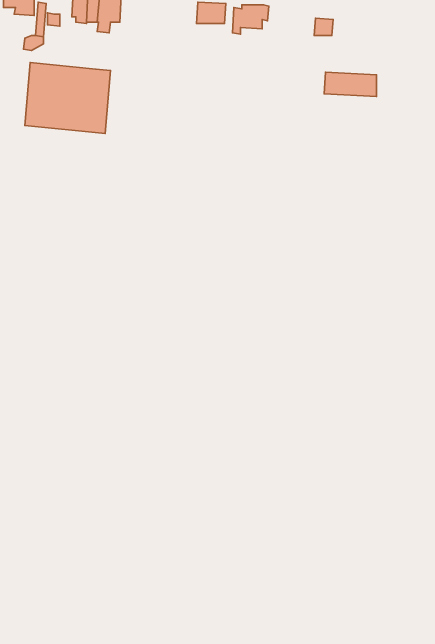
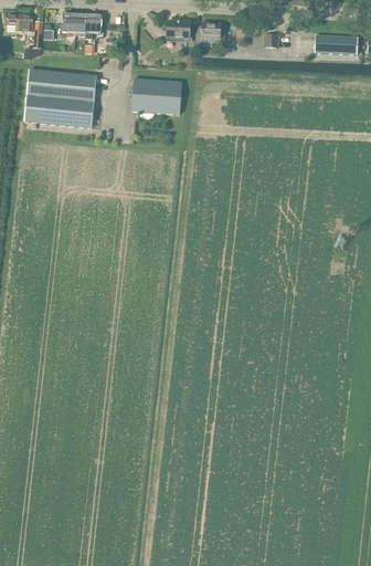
building: [324,72,377,96] -> [314,34,357,54]
building: none -> [130,78,181,114]

